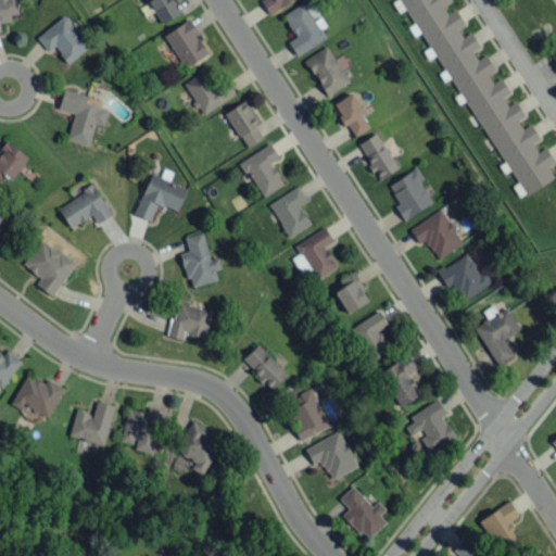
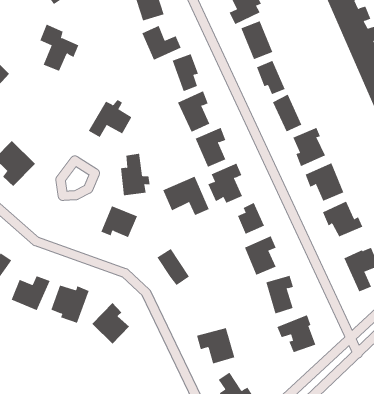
building: [59,186,112,229] -> none
building: none -> [163,176,209,216]
building: [286,390,330,441] -> none

